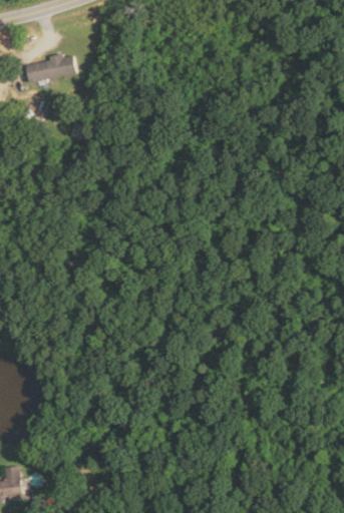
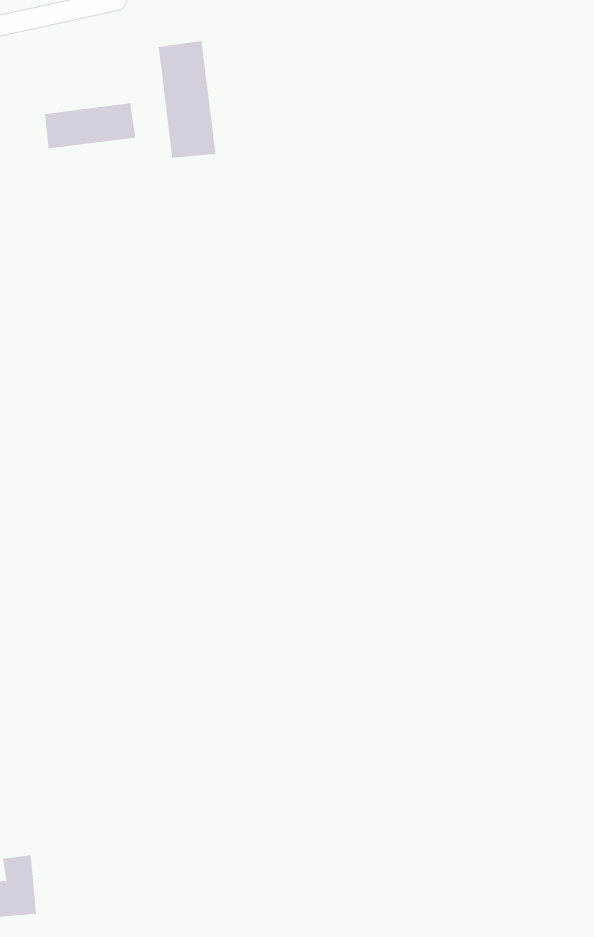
building: none -> [158,40,216,159]

